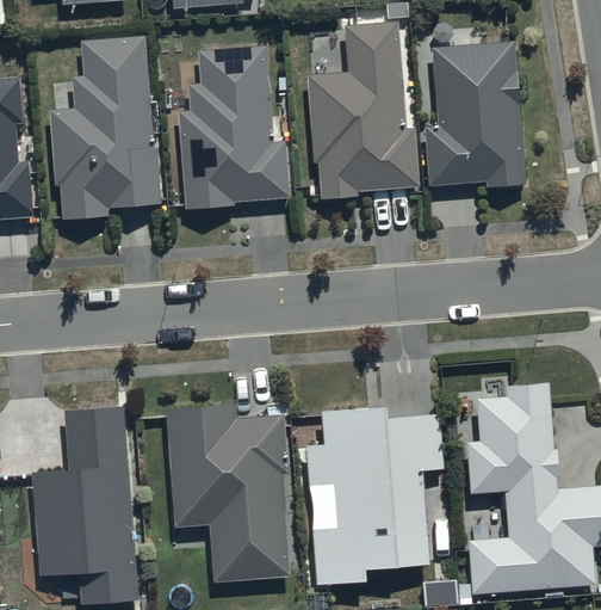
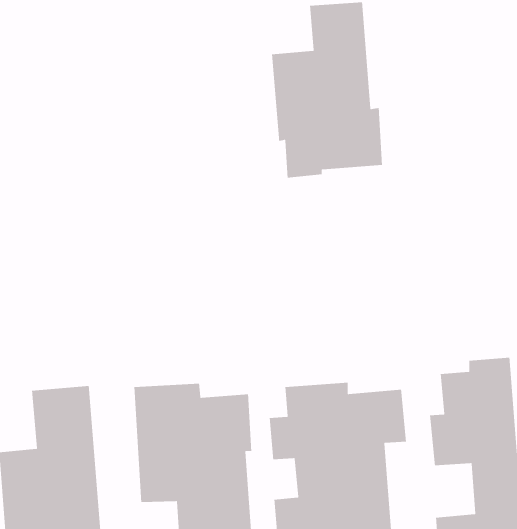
building: [52,38,161,220] -> none
building: [425,43,526,187] -> none
building: [179,47,291,210] -> none

